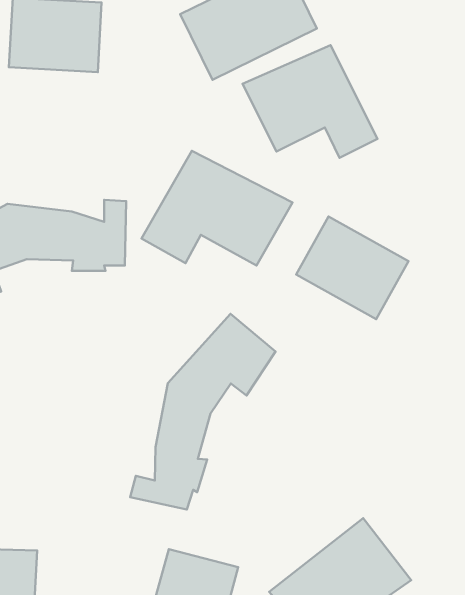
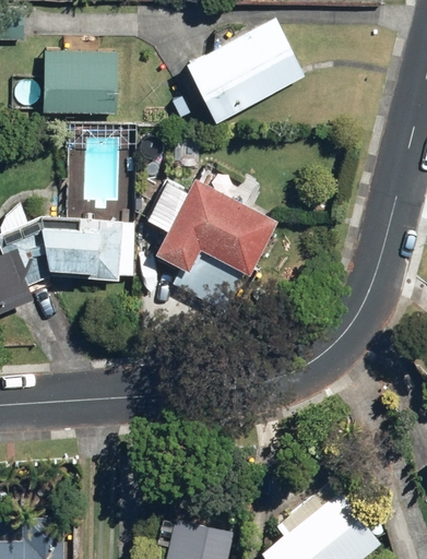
building: [243,45,378,158] -> none
building: [296,217,408,319] -> none
building: [130,314,276,510] -> none

